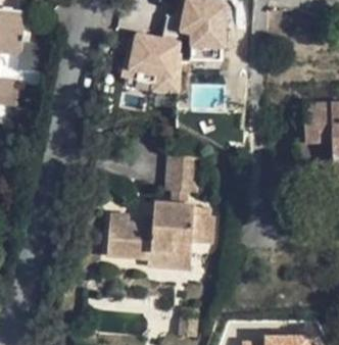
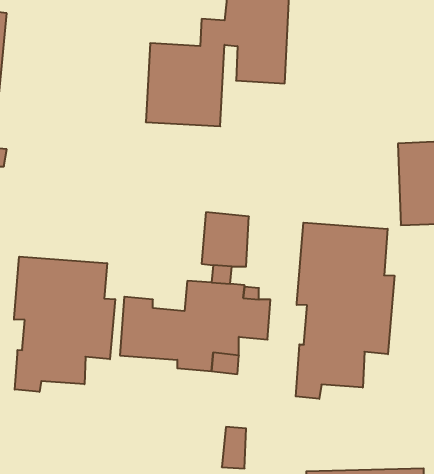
building: none -> [296,223,394,399]
building: none -> [14,257,115,392]

